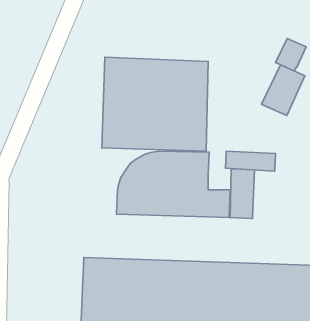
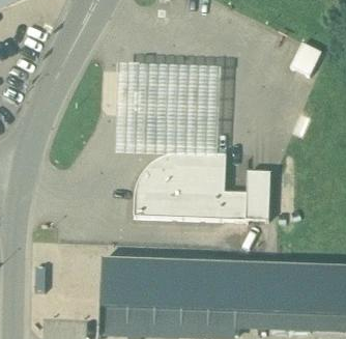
building: [261,65,305,116] -> none
building: [225,151,275,171] -> none

